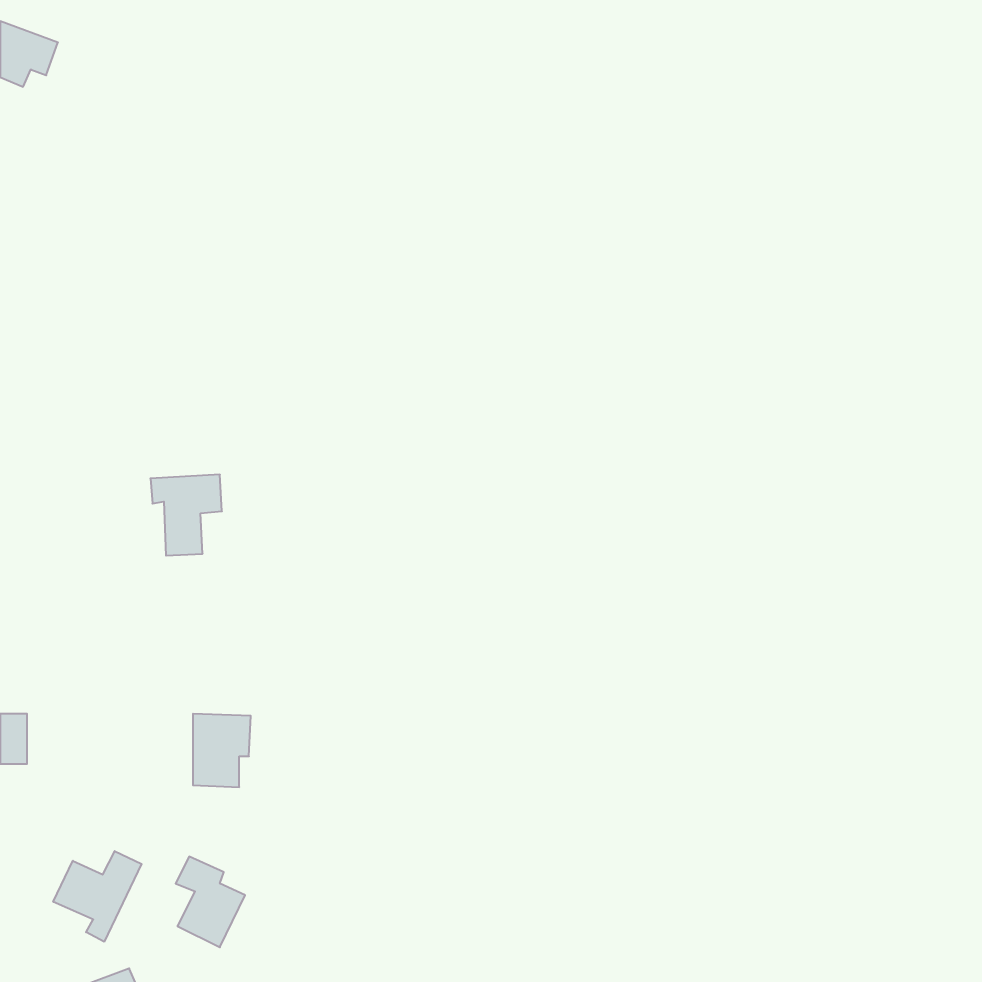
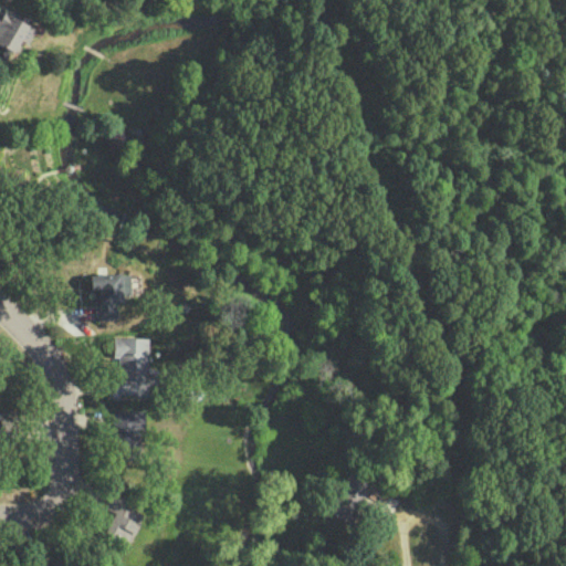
building: none -> [113,338,154,397]
building: [53,851,142,942] -> none

